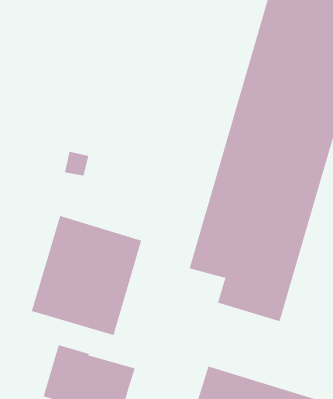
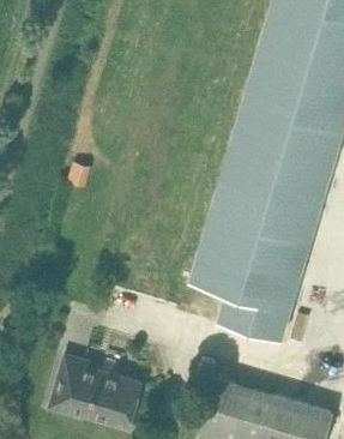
building: [31,215,142,336] -> none

